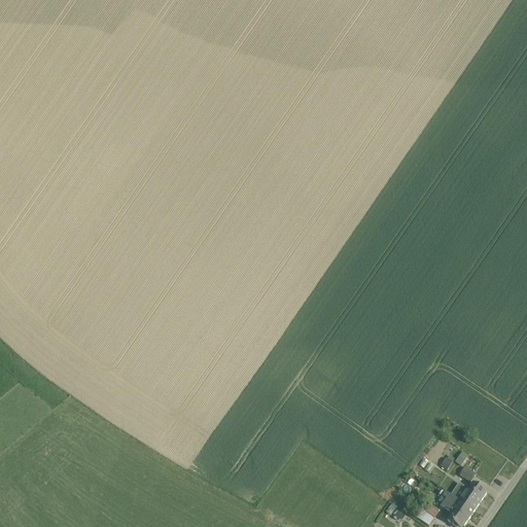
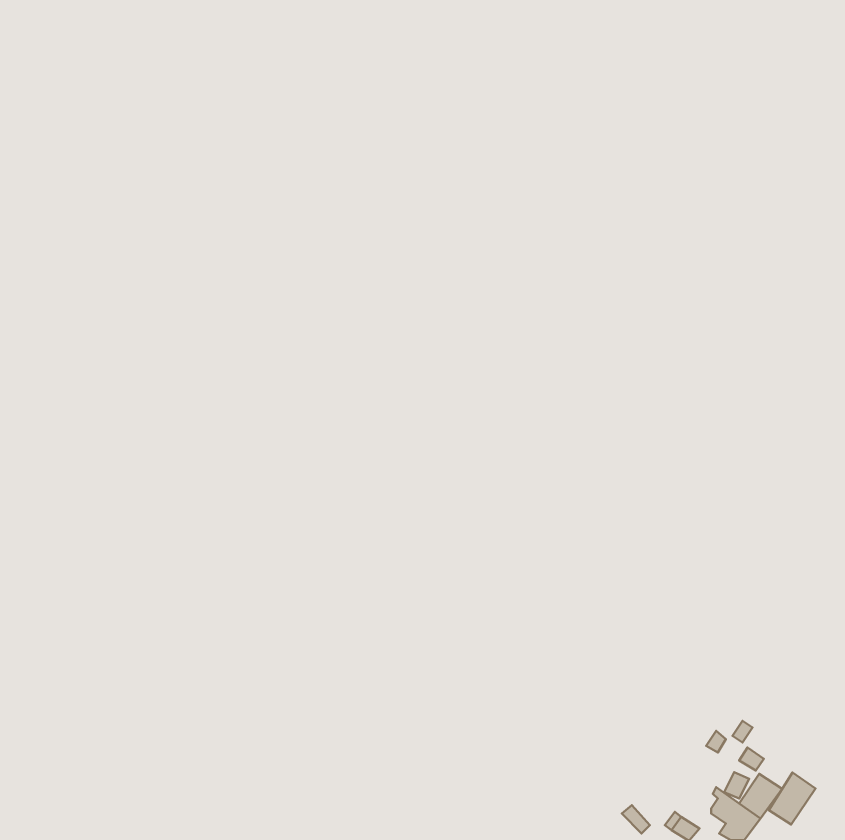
building: none -> [769,772,815,825]

